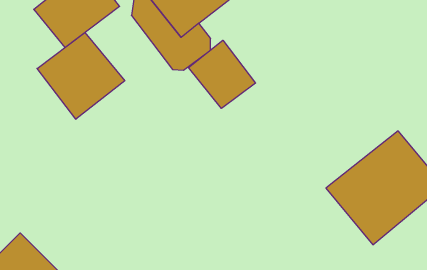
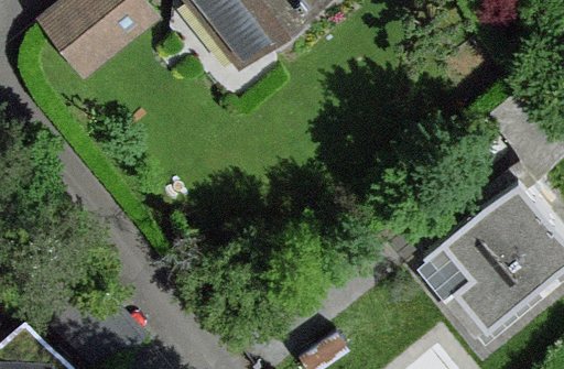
building: [37,33,125,119] -> none
building: [188,40,256,108] -> none

